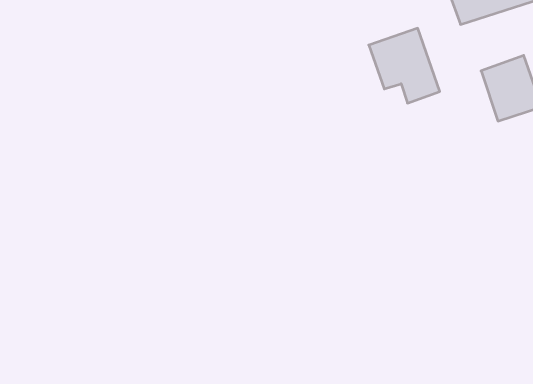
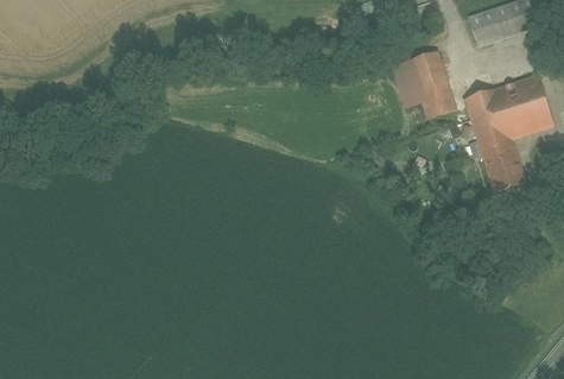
building: none -> [464,89,526,190]

